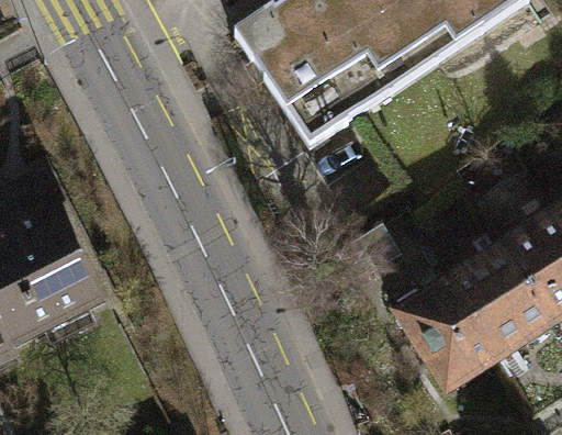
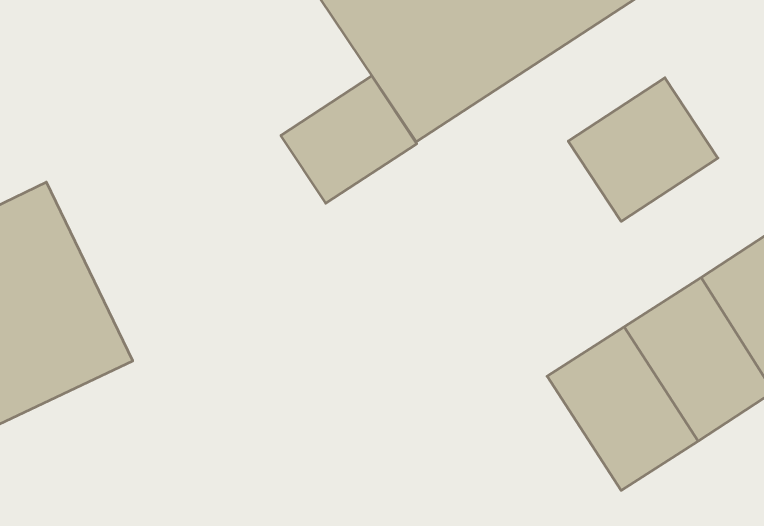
building: none -> [281,76,417,203]
building: none -> [568,78,718,221]

